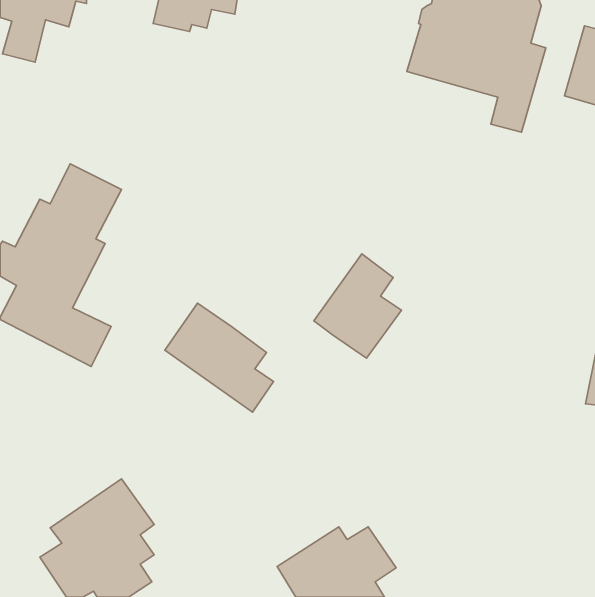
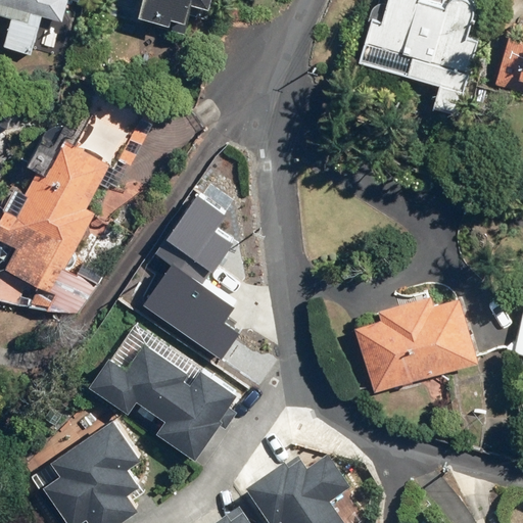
building: [314,254,401,358] -> [158,194,235,285]
building: none -> [354,296,477,392]
building: none -> [84,341,234,457]

